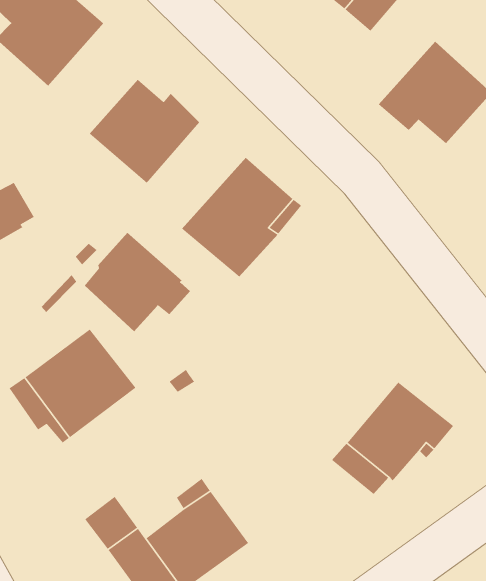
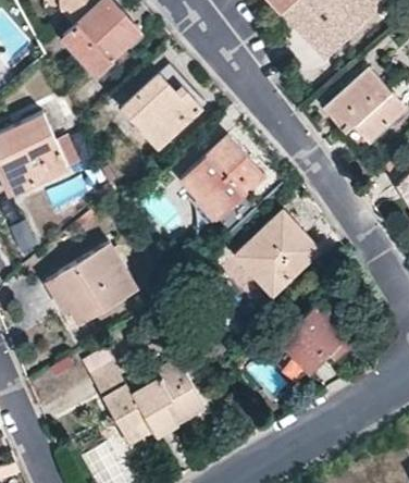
building: [84,232,191,332] -> none
building: none -> [235,211,320,295]

